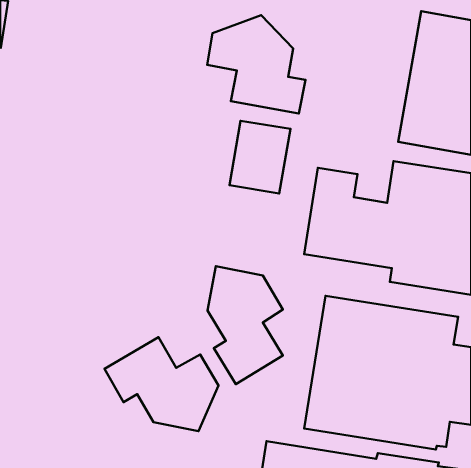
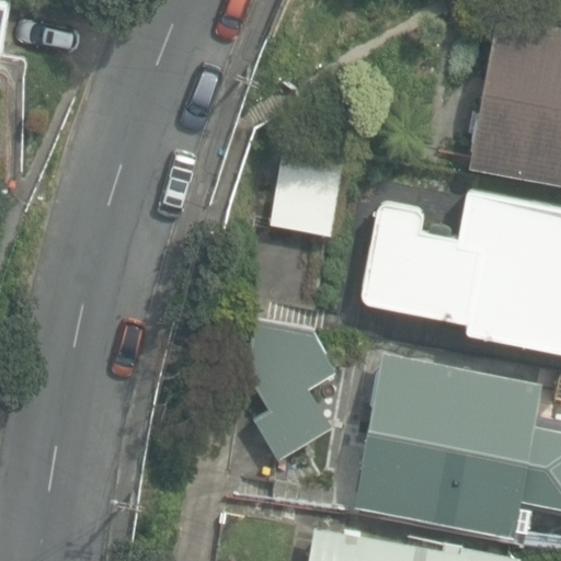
building: [207,15,305,113] -> none
building: [104,337,218,431] -> none

